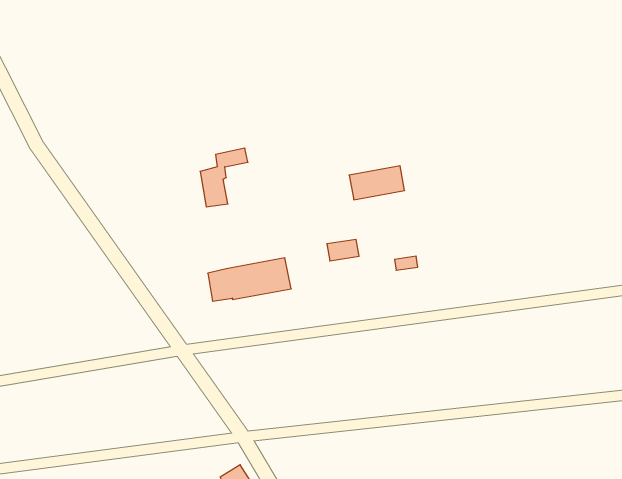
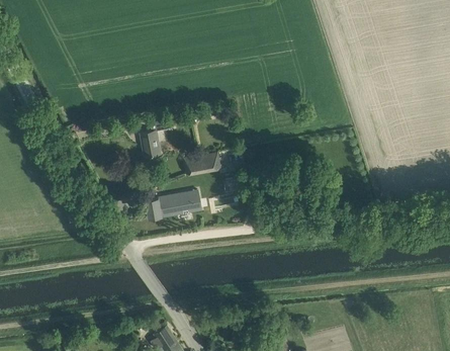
building: [349,166,405,200] -> [184,152,220,174]

